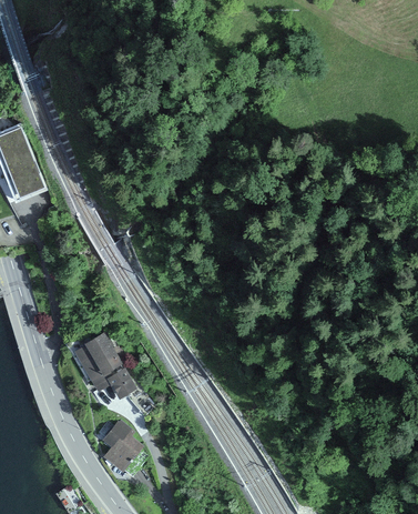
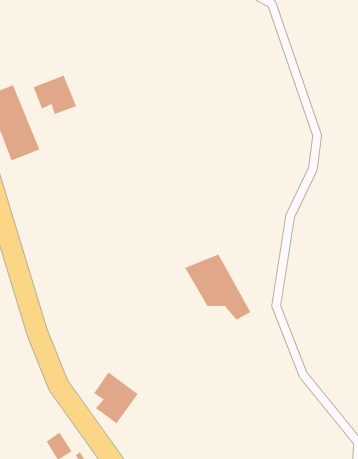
building: none -> [33,75,77,115]
building: [69,332,137,401] -> [184,254,251,321]

